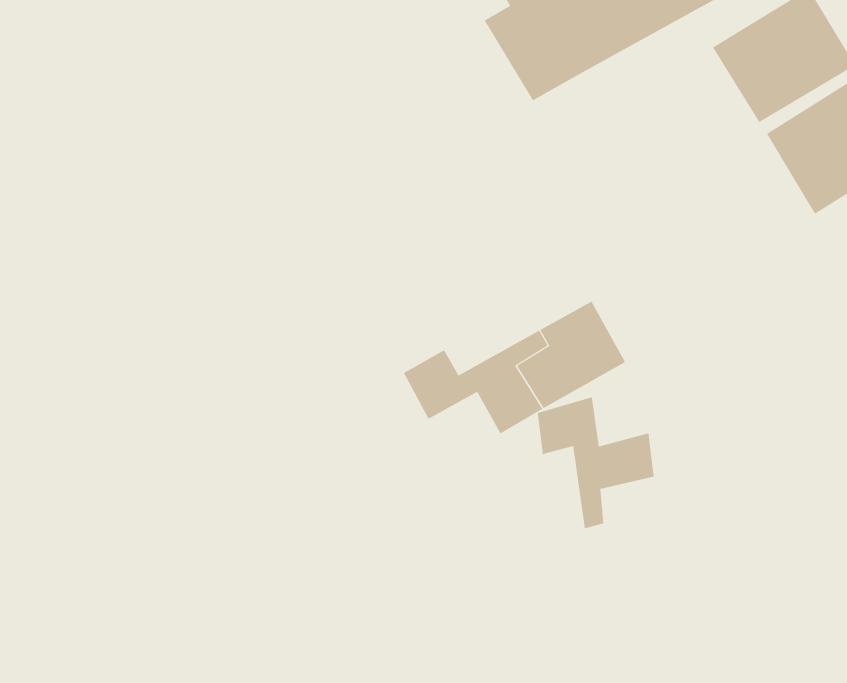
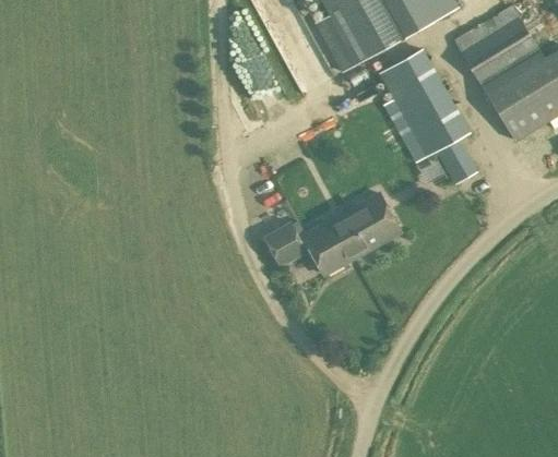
building: none -> [377,48,477,184]
building: [537,396,654,529] -> none

